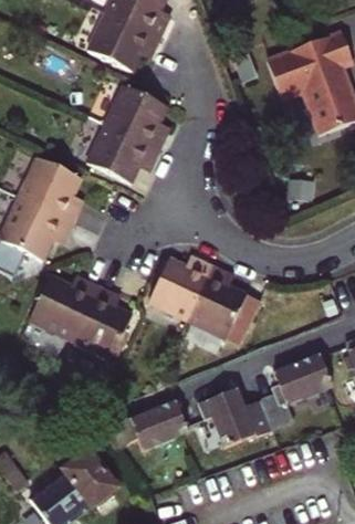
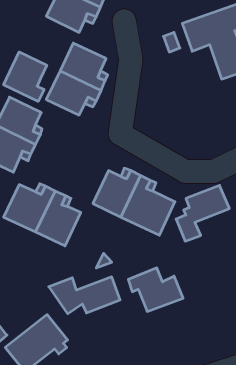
building: none -> [4,52,47,101]
building: [258,354,330,429] -> [176,185,229,241]

